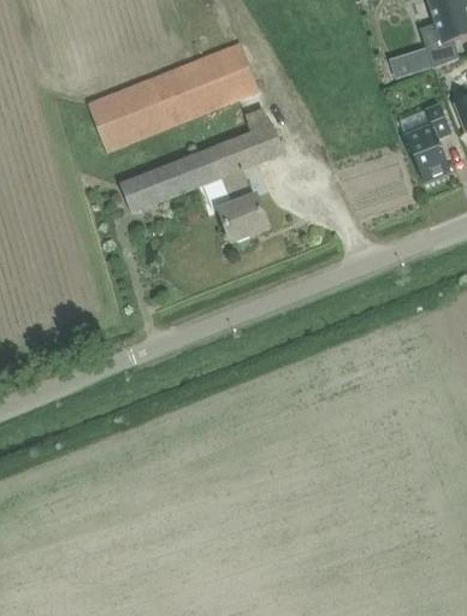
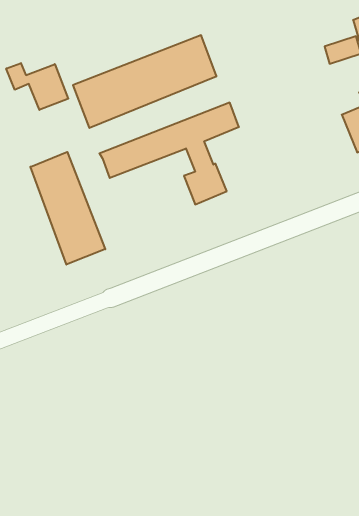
building: none -> [6,63,68,110]
building: none -> [30,152,105,265]

